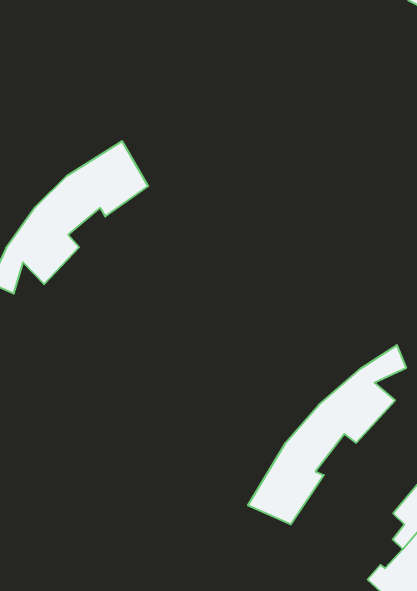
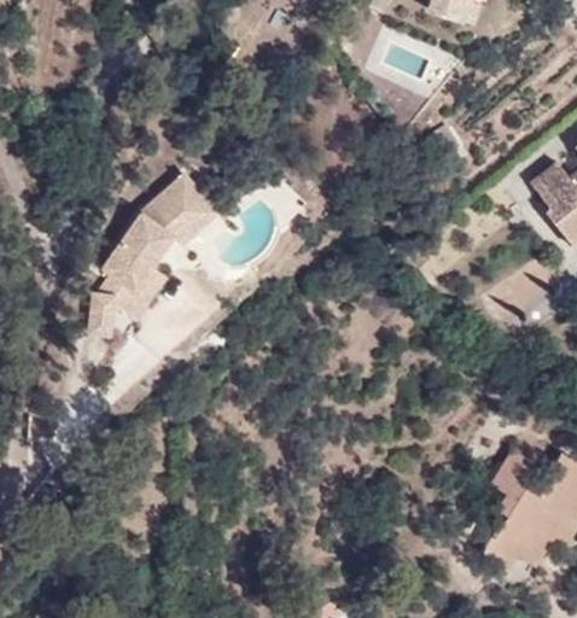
building: [248,345,406,524] -> none

